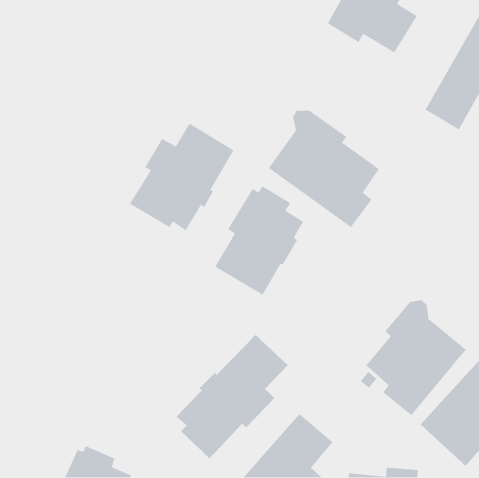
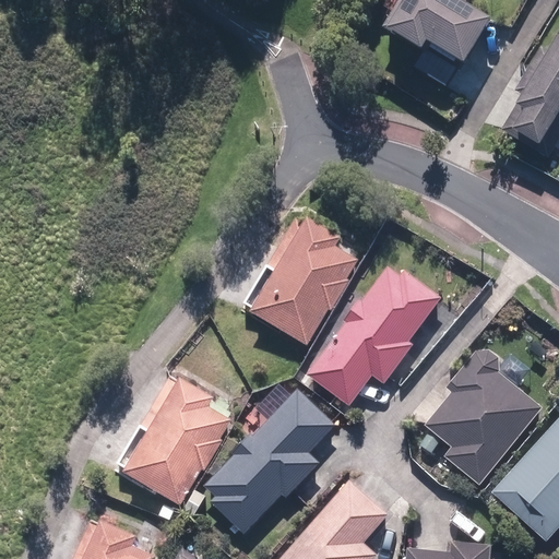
building: [268,110,380,228] -> none
building: [129,123,235,231] -> none
building: none -> [308,266,440,406]
building: none -> [124,373,230,503]

